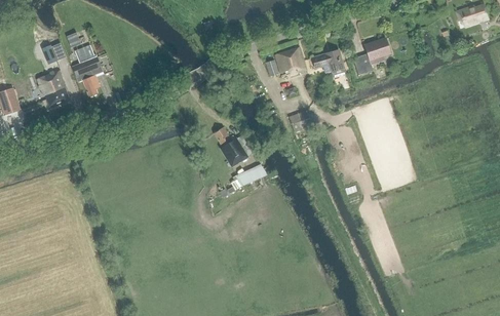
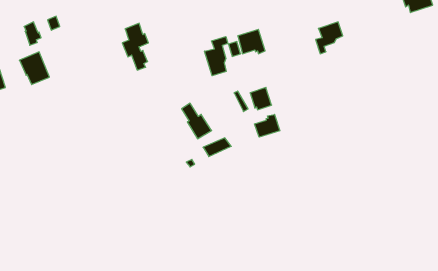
building: [72,44,101,95] -> [122,23,148,70]
building: [312,49,343,71] -> none
building: none -> [205,37,228,76]
building: none -> [254,114,280,137]

